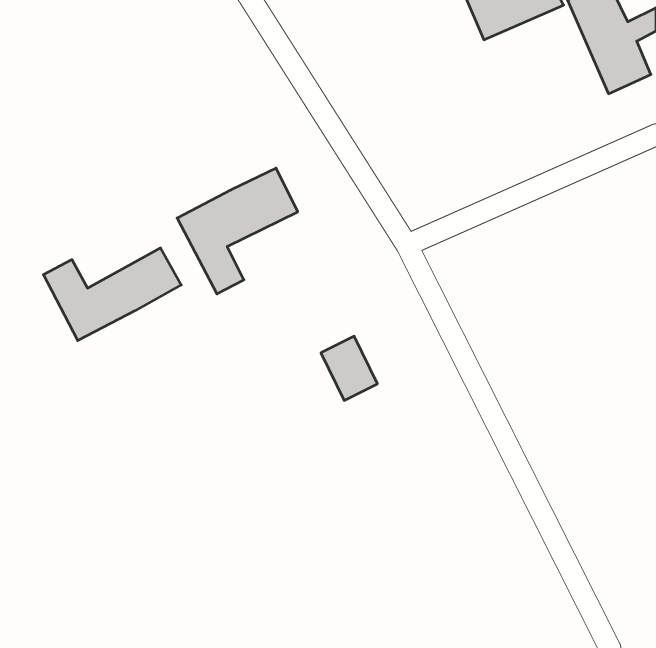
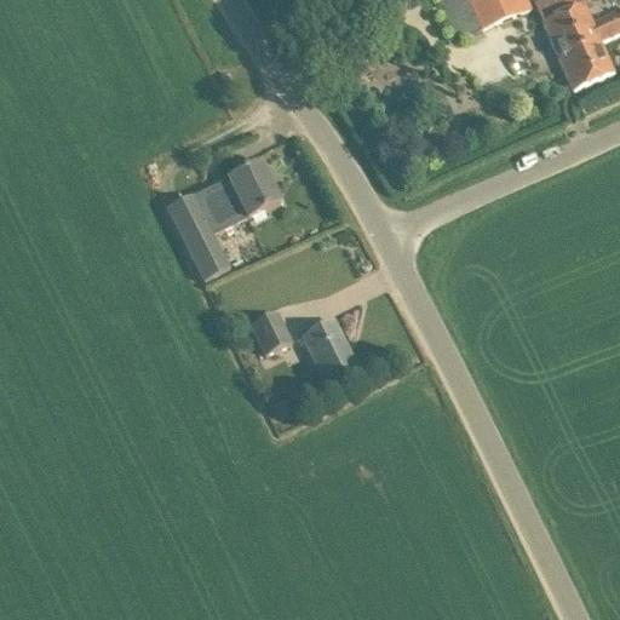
building: [43,248,181,341] -> none
building: none -> [249,309,292,354]

